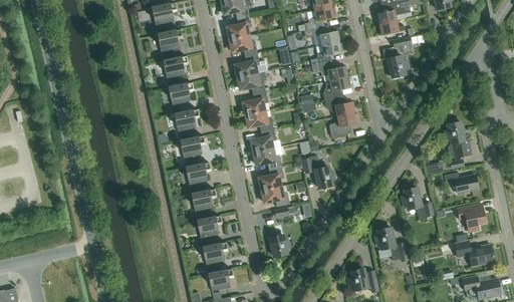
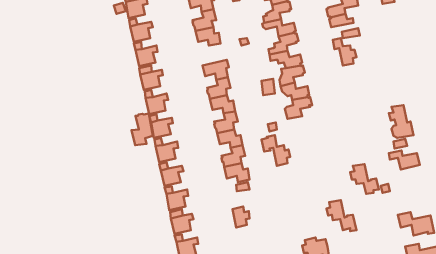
building: [234,53,266,77] -> none
building: none -> [132,114,153,145]
building: [457,203,485,233] -> none

